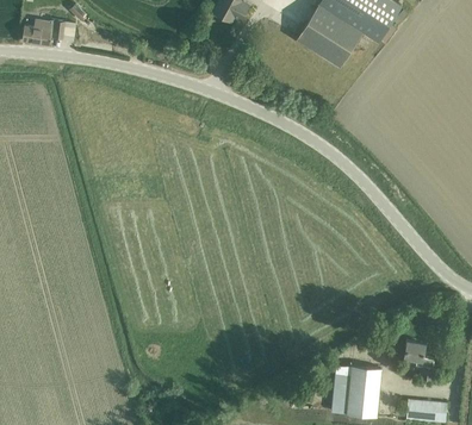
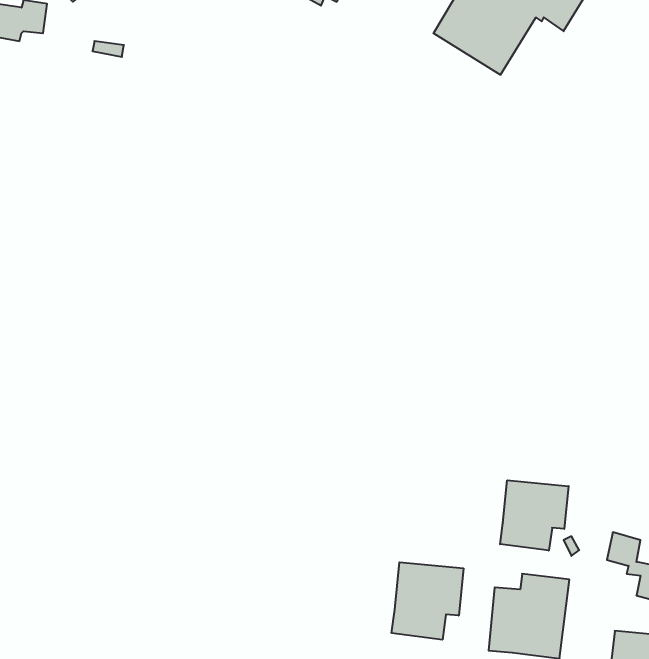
building: none -> [500,480,569,551]
building: none -> [392,562,463,640]

